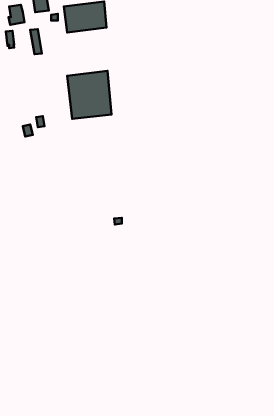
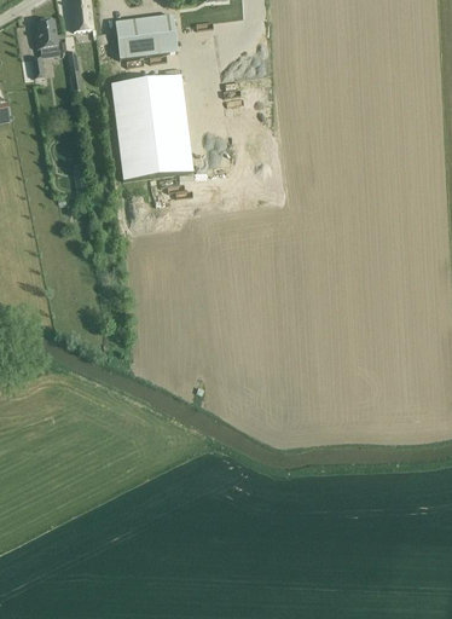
building: none -> [116,82,178,121]

